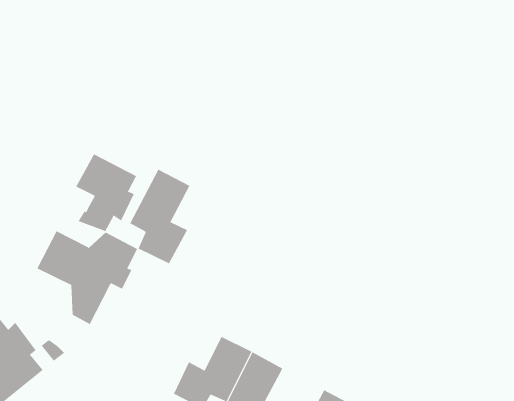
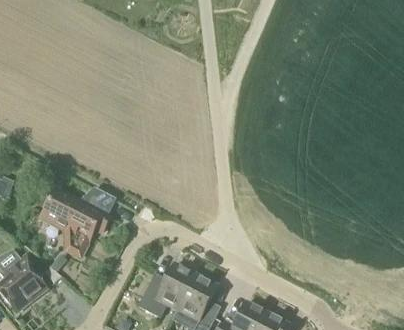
building: [75,153,137,232] -> none
building: [130,169,190,264] -> none

